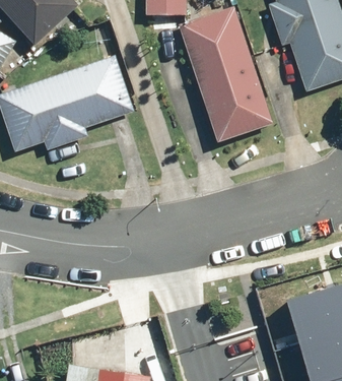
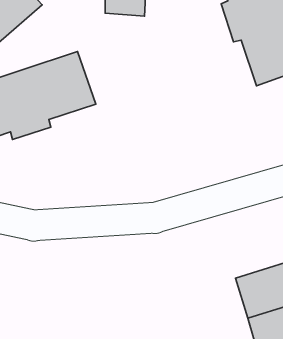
building: [179,6,274,143] -> none

